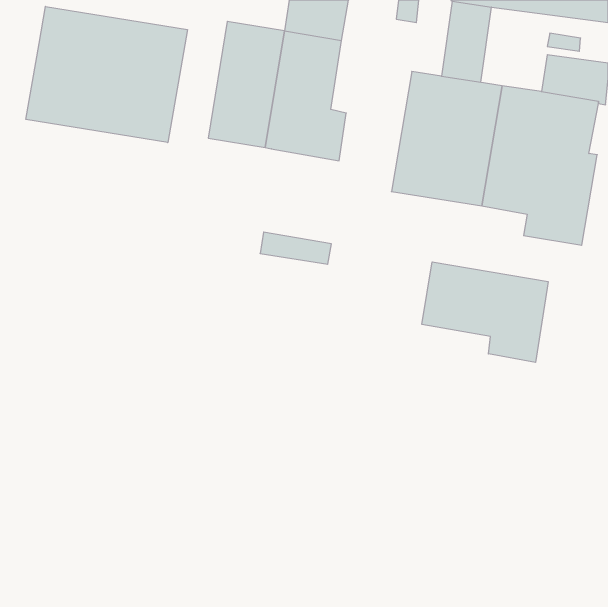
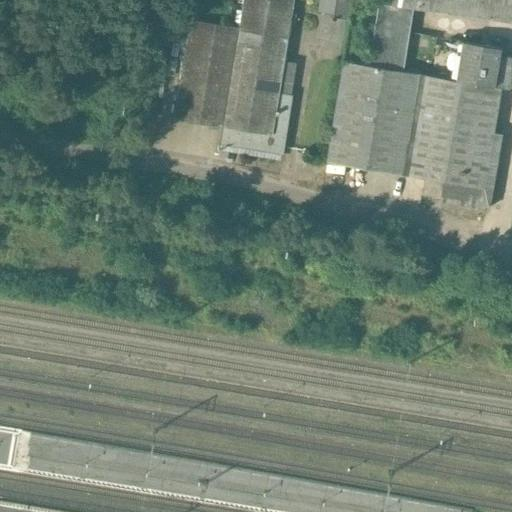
building: [26,6,187,143] -> none
building: [260,232,331,264] -> [225,126,285,153]
building: [422,262,548,362] -> none

